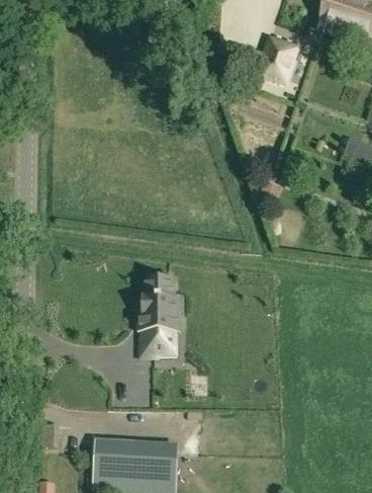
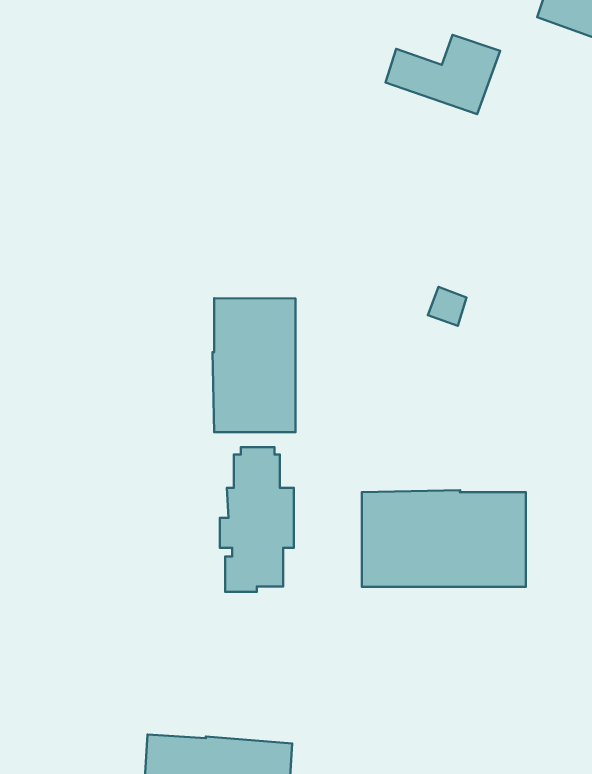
building: none -> [212,298,295,432]
building: none -> [362,490,526,587]

